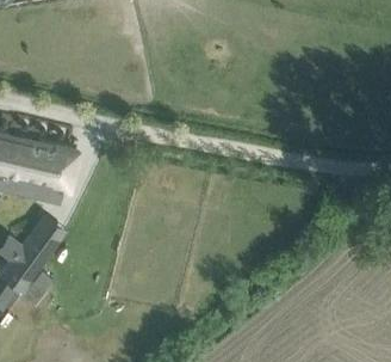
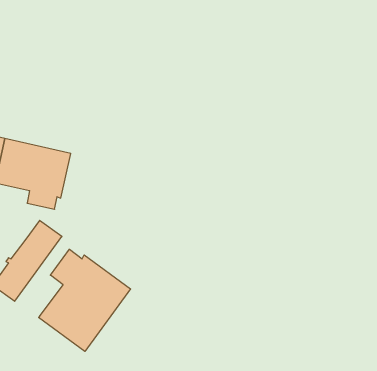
building: none -> [39,249,131,351]

